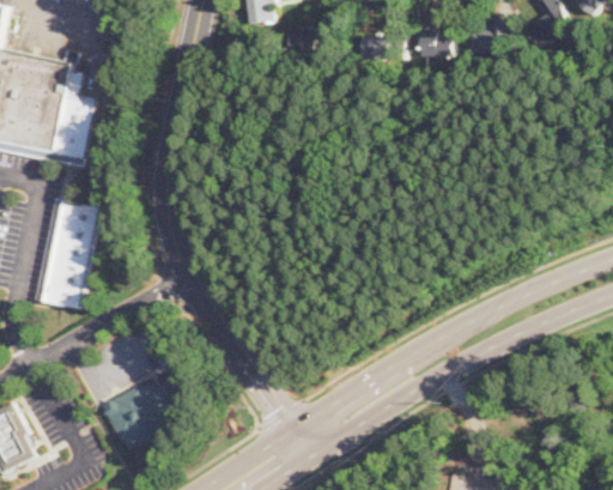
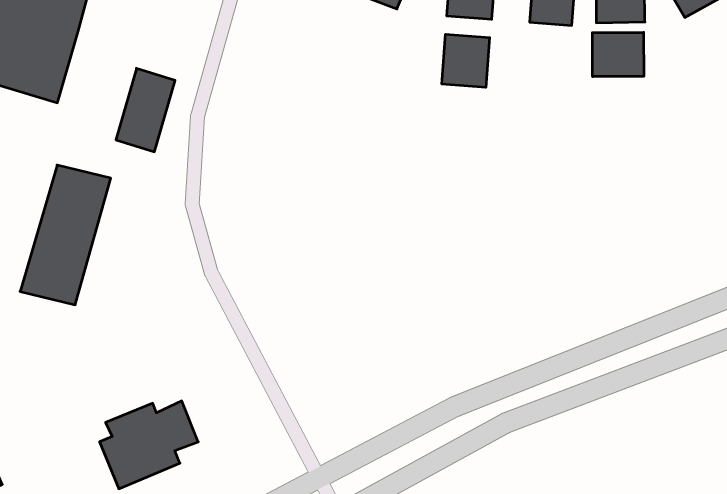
building: none -> [592,32,644,77]
building: none -> [442,34,490,87]
building: [51,93,95,158] -> [116,68,175,152]

